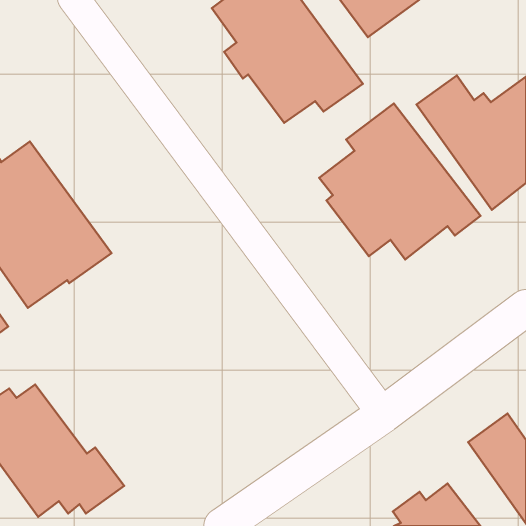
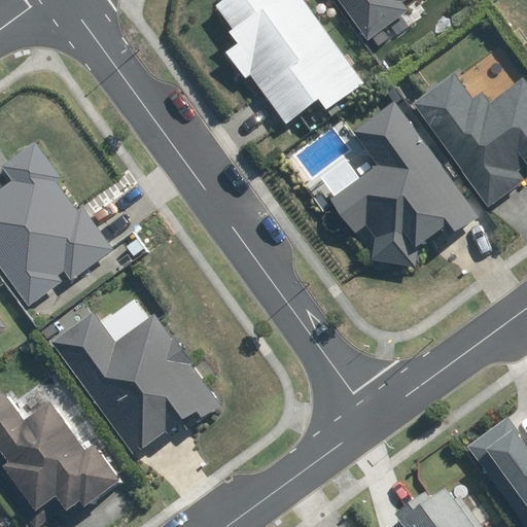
building: none -> [51,312,223,458]

